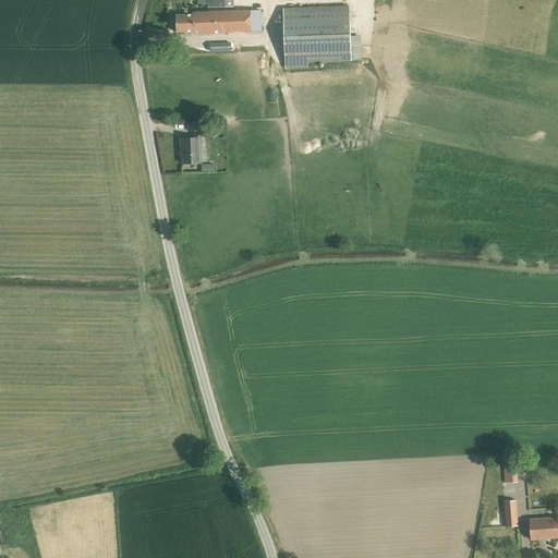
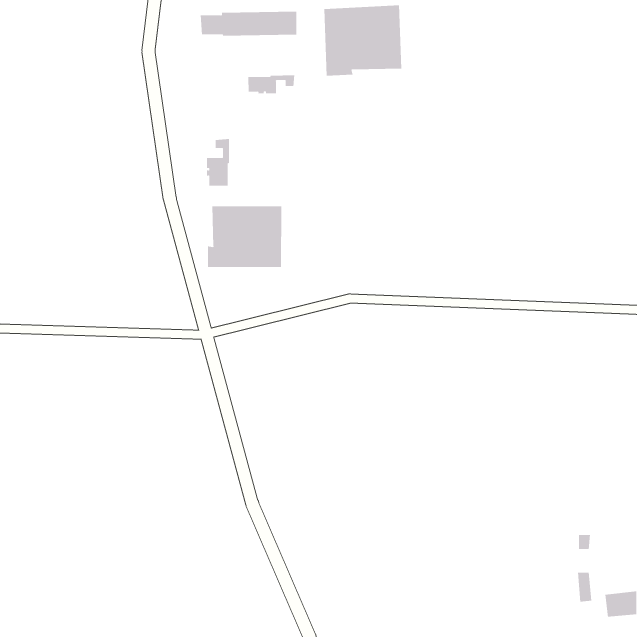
building: none -> [248,75,295,94]
building: none -> [207,206,282,268]

